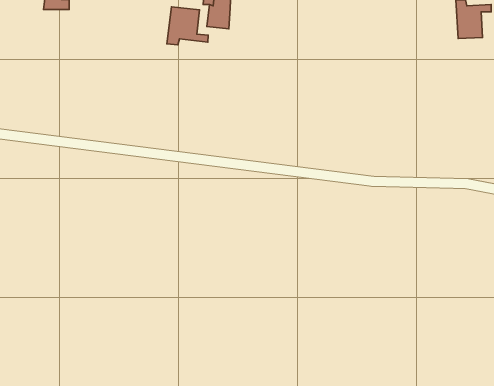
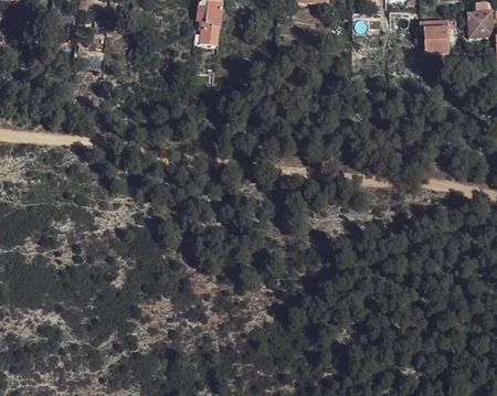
building: [167,7,208,45] -> none

